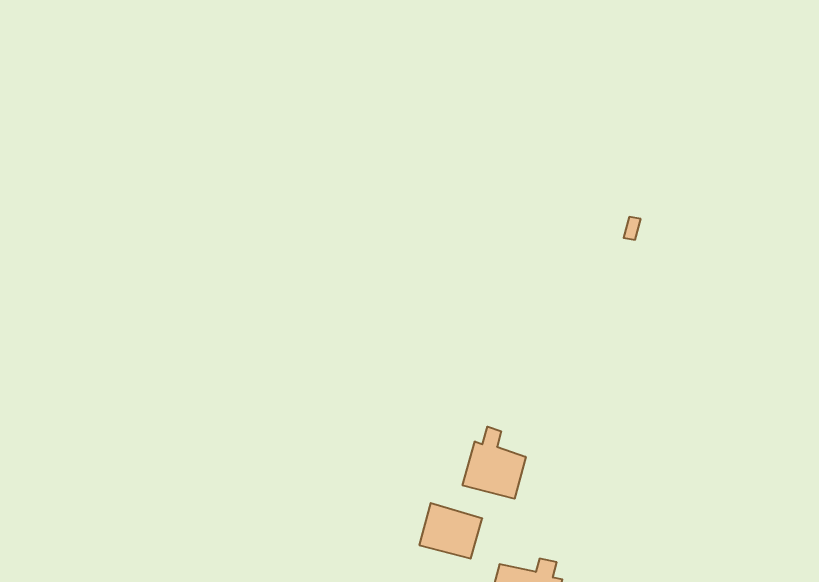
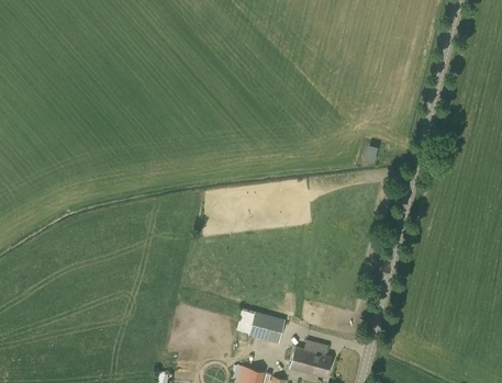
building: [463,427,526,499] -> none

